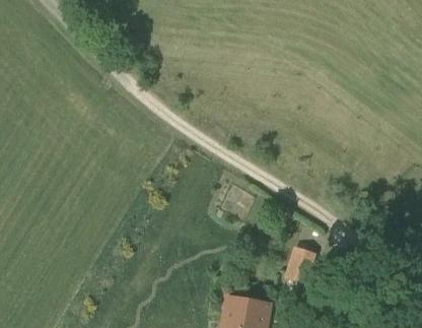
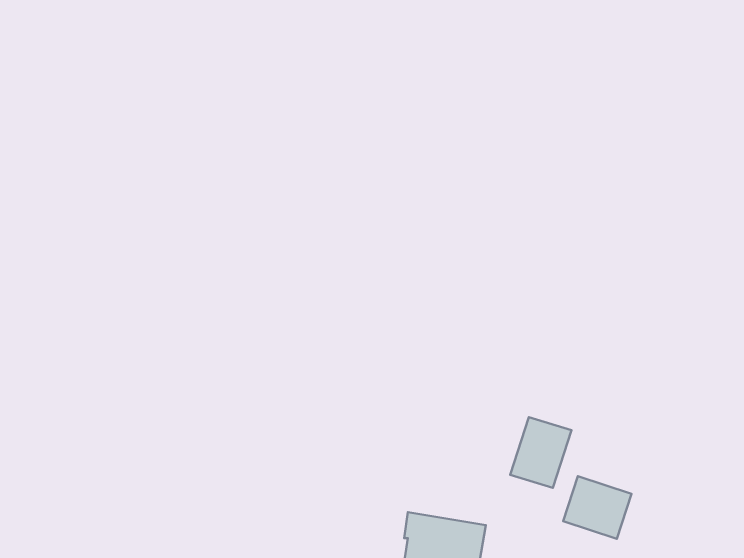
building: none -> [563,476,631,539]

